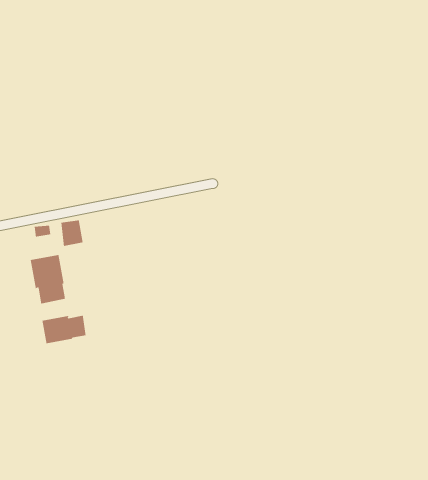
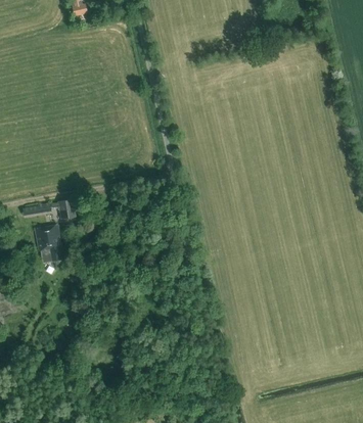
building: [42,315,86,344] -> none

